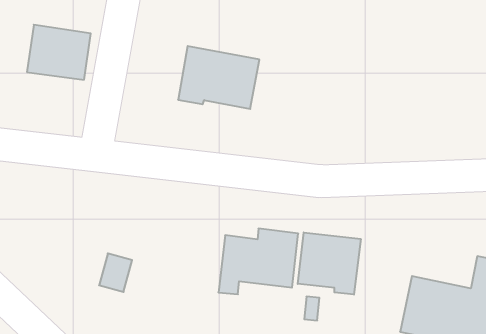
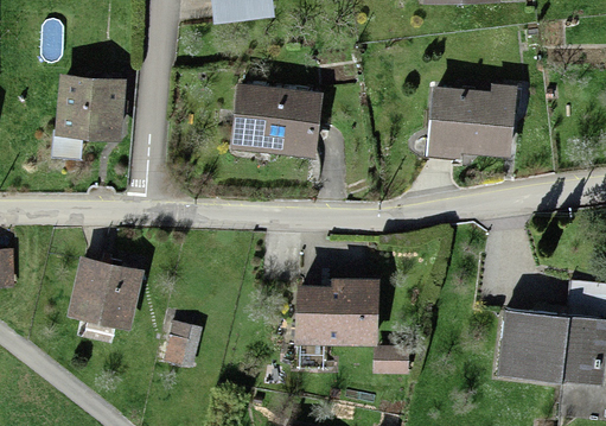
building: none -> [428,85,517,160]
building: none -> [71,265,136,320]
building: [298,232,361,295] -> none

